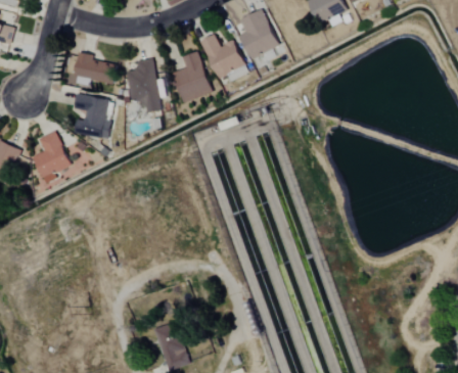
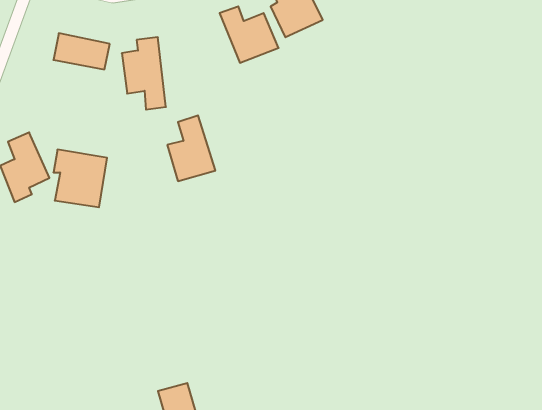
building: [174,51,211,101] -> [167,115,215,181]
building: [73,94,113,138] -> [53,150,107,207]

